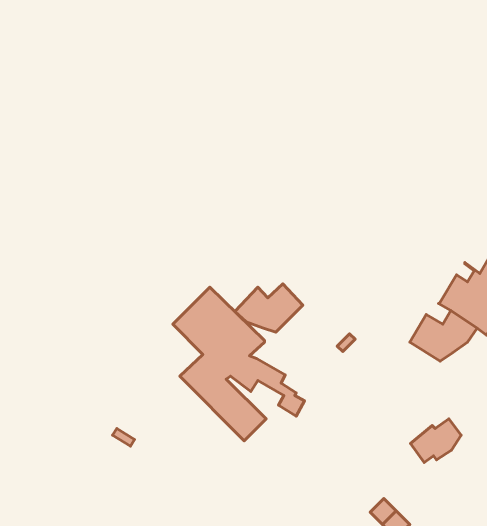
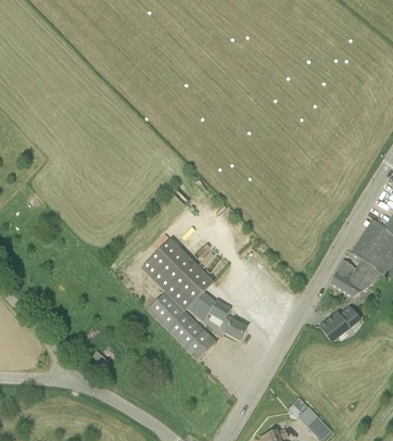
building: [235,284,303,332] -> none
building: [410,419,461,463] -> [319,306,359,341]

